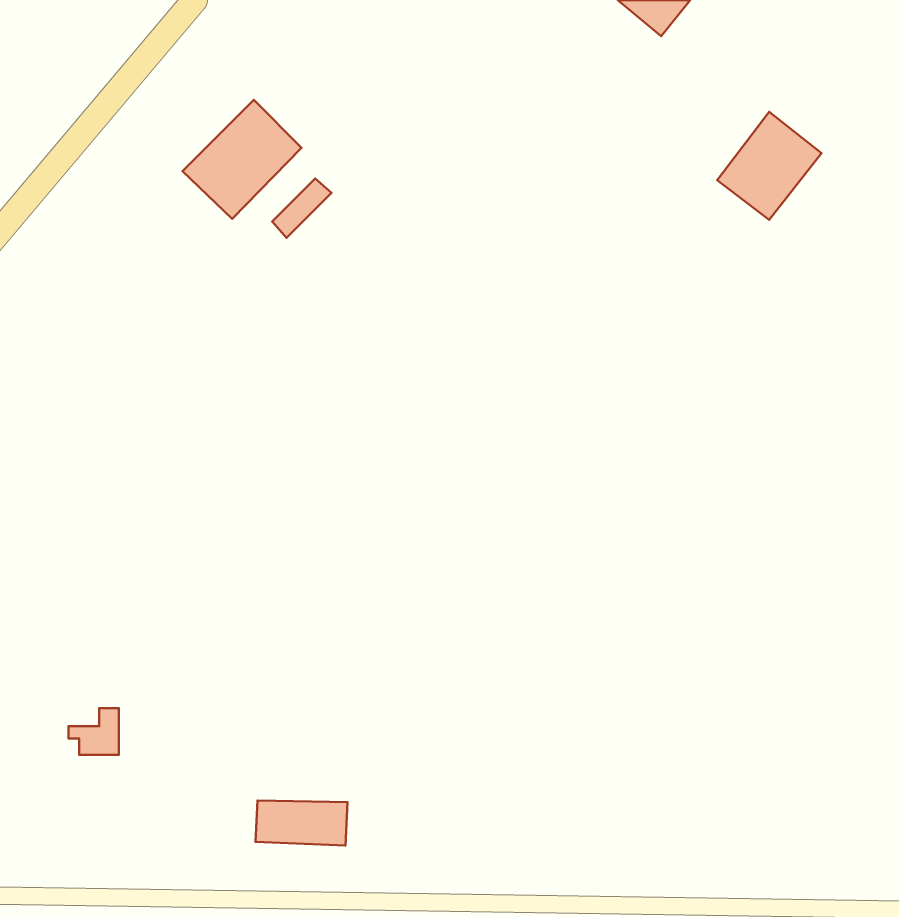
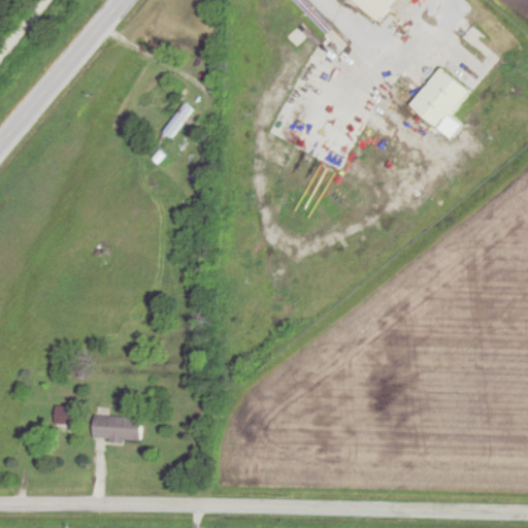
building: [183,100,302,219] -> none
building: [256,800,347,845] -> [89,417,141,442]

